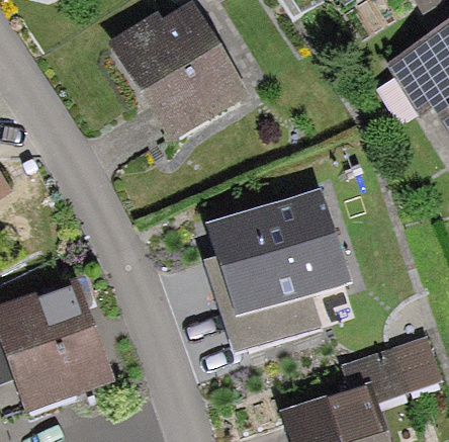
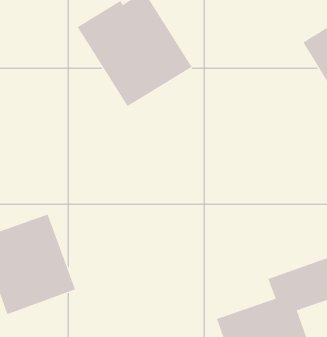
building: [208,192,357,326] -> none

